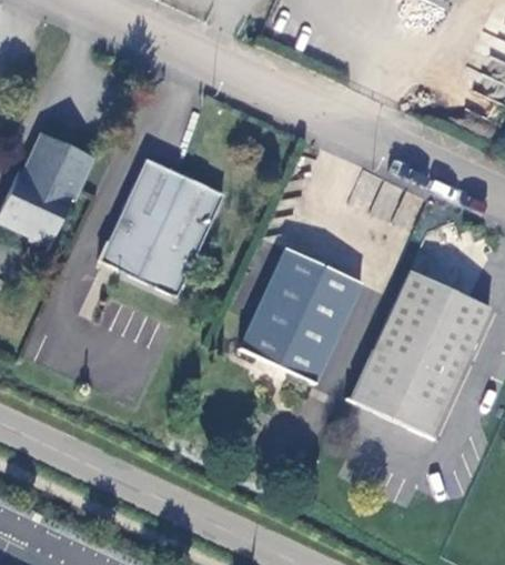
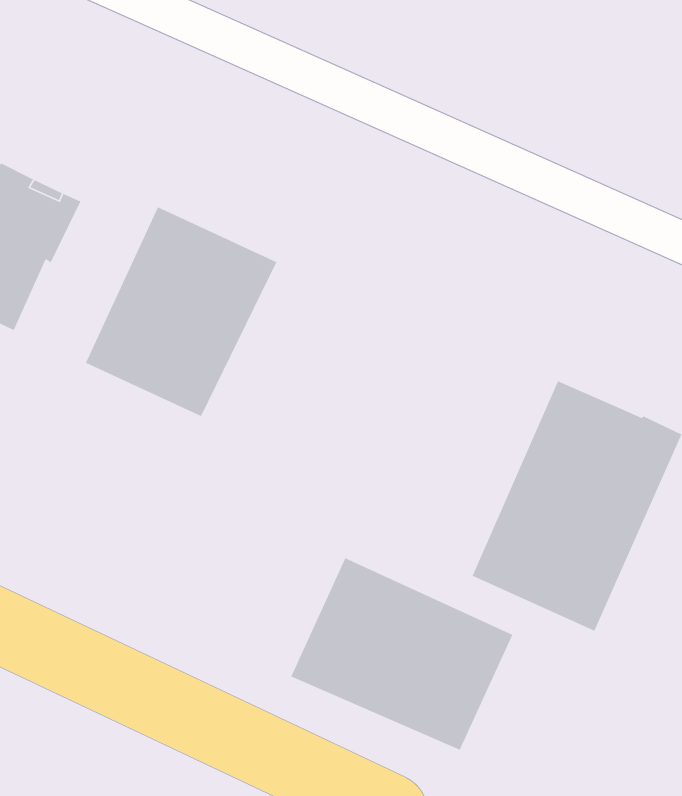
building: [243,248,364,385] -> none
building: none -> [290,557,513,751]

